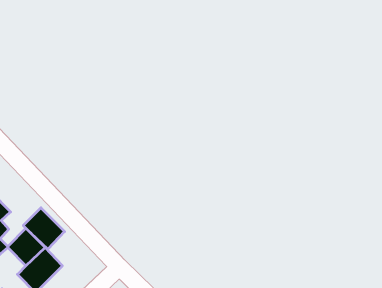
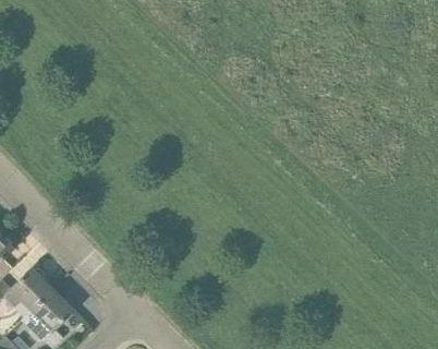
building: [23,208,65,249] -> none

